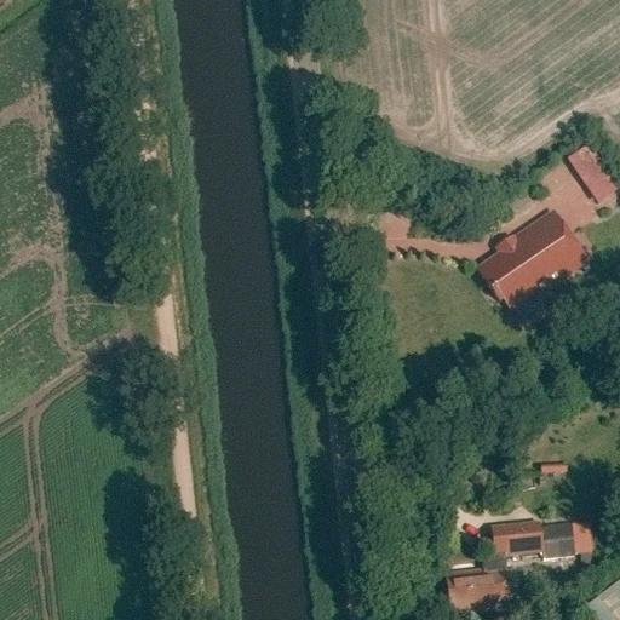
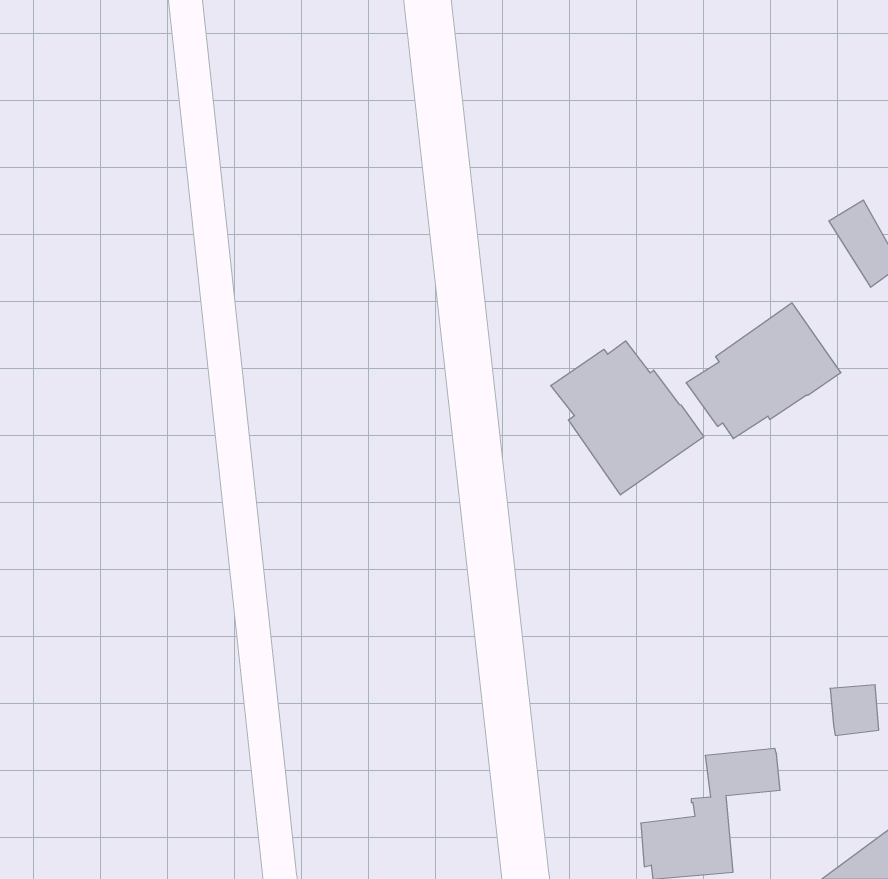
building: none -> [551,341,704,495]
building: [541,522,575,557] -> [830,685,879,735]

